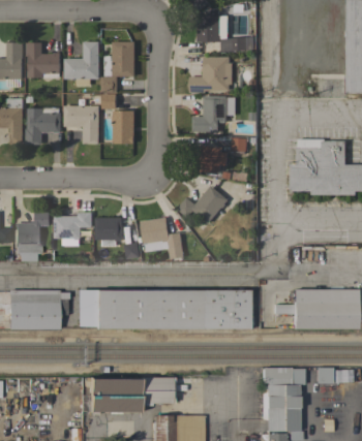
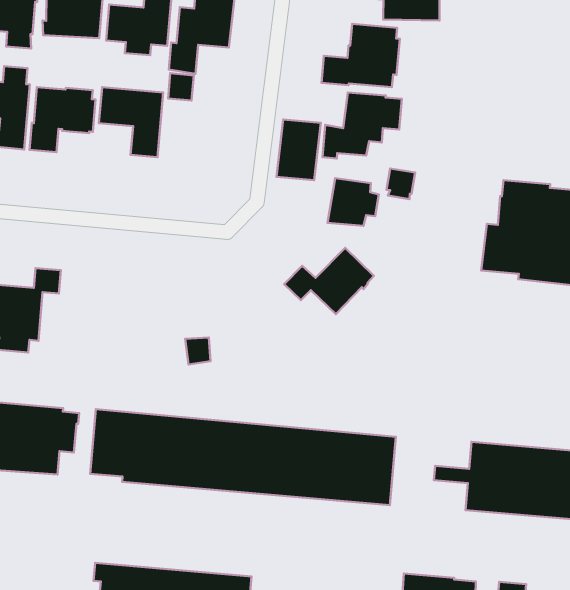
building: [114,111,137,144] -> [276,120,321,180]
building: [56,212,93,247] -> none
building: [97,217,123,241] -> none
building: [142,217,185,258] -> none

